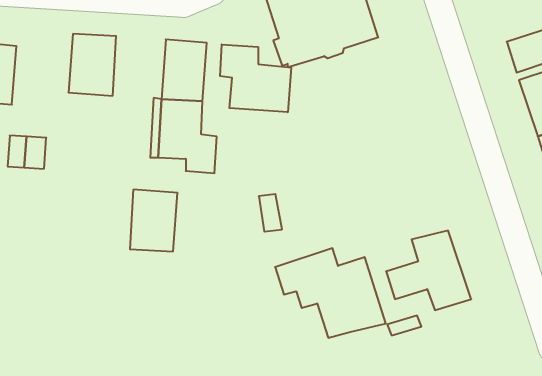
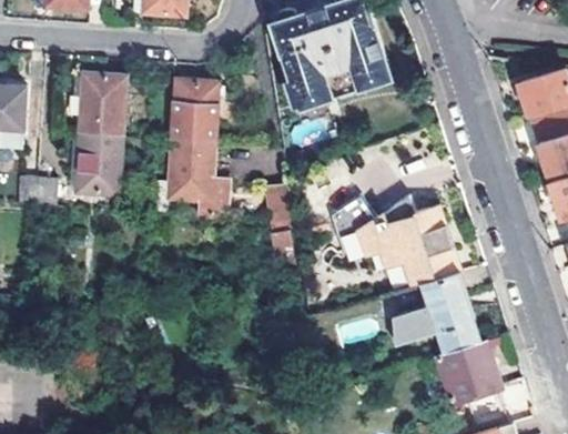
building: [220,44,291,112] -> none
building: none -> [265,189,294,235]
building: [130,190,178,251] -> [75,134,123,196]
building: [275,248,386,338] -> [348,198,459,287]
building: none -> [436,341,501,404]

